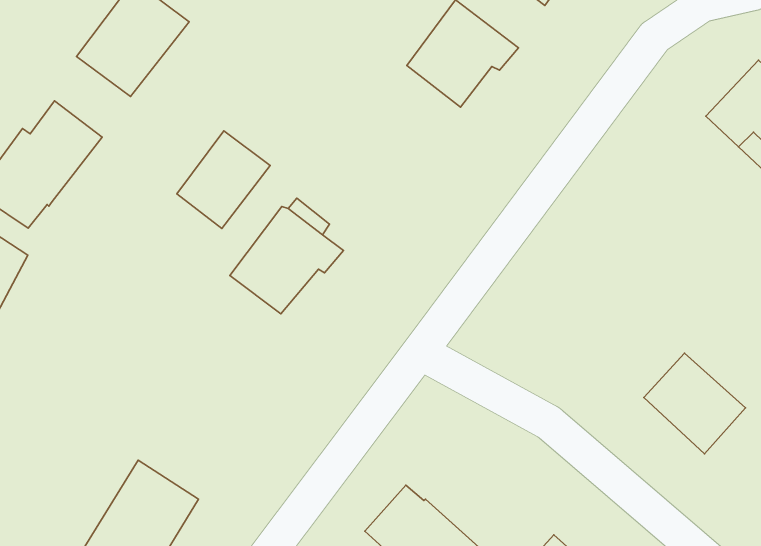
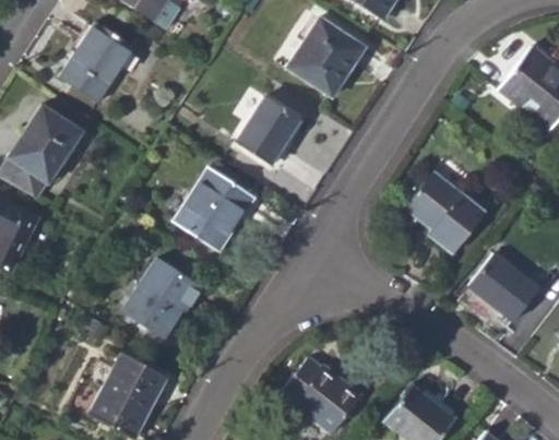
building: [177,131,270,228] -> [238,97,301,165]
building: none -> [408,171,487,252]
building: none -> [123,260,197,336]

